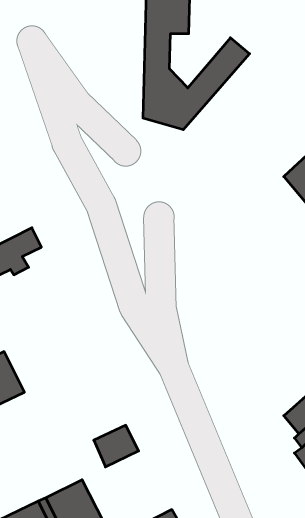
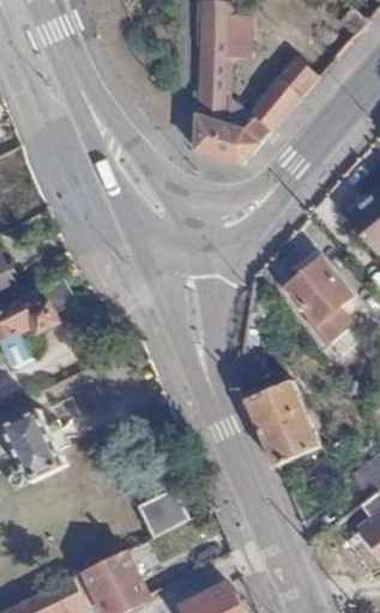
building: none -> [285,249,362,351]
building: none -> [246,378,315,466]

